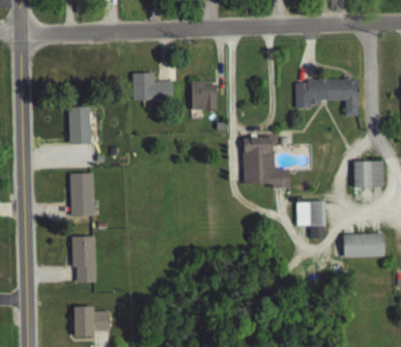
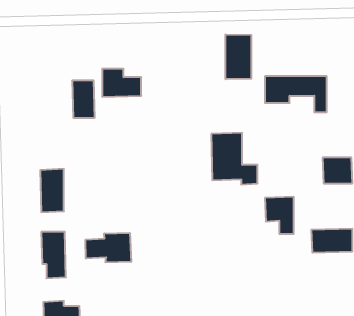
building: none -> [226,34,251,79]
building: [192,81,217,110] -> none
building: [68,107,91,144] -> [72,81,95,118]
building: none -> [86,233,131,262]

